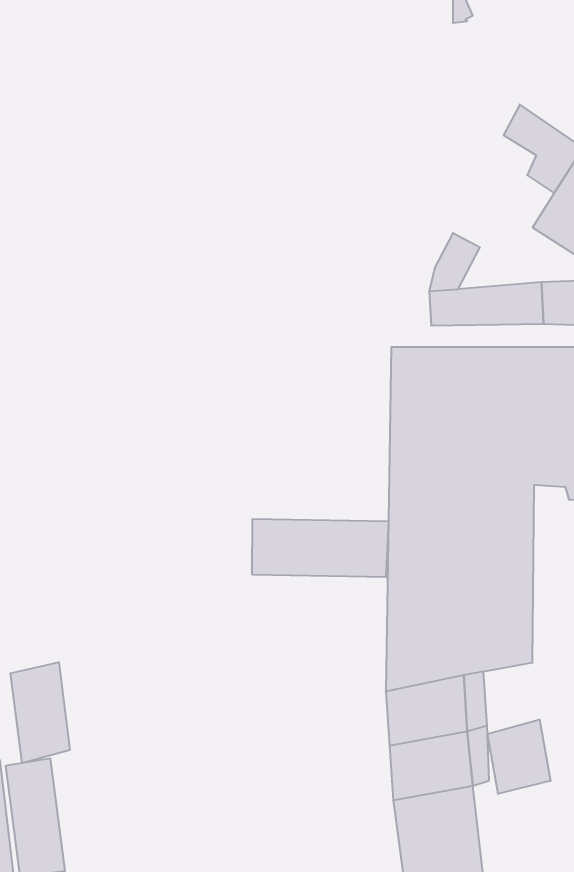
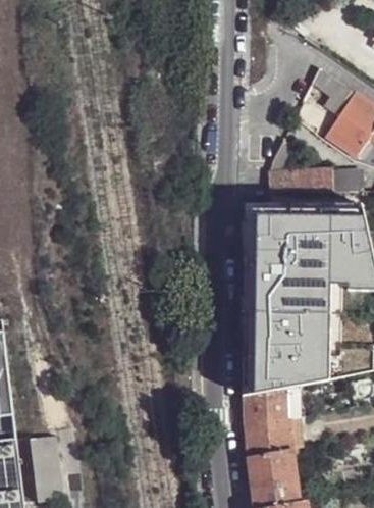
building: [252,519,388,577] -> none
building: [10,662,70,763] -> none
building: [487,719,551,794] -> none

